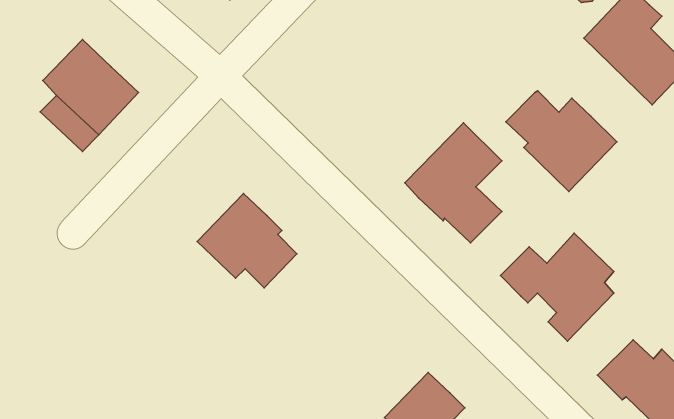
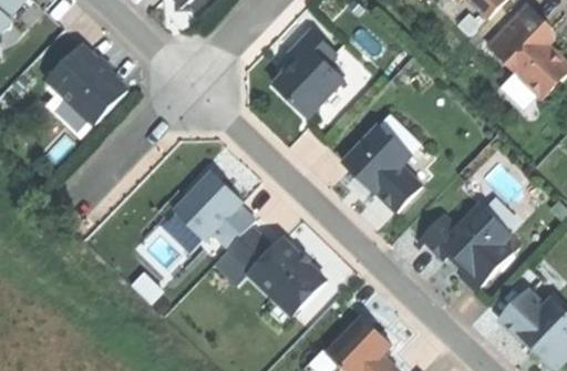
building: none -> [274,30,343,116]
building: [506,91,617,191] -> none
building: none -> [228,225,328,313]

